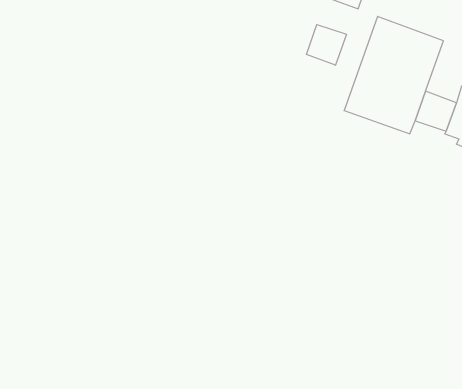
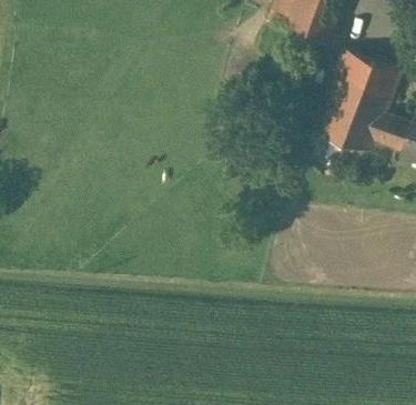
building: [306,25,346,65] -> none

